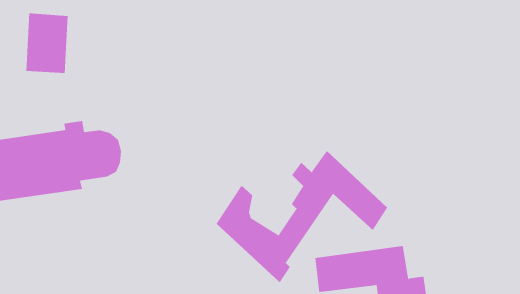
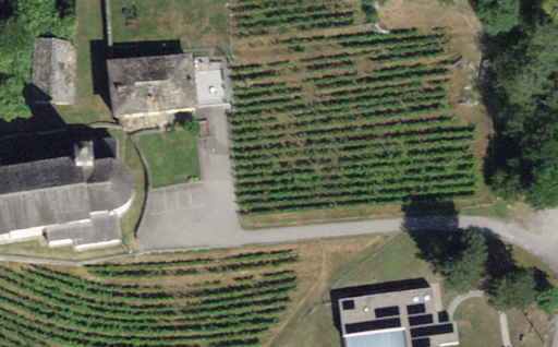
building: none -> [105,50,198,119]
building: [216,150,388,283] -> none

